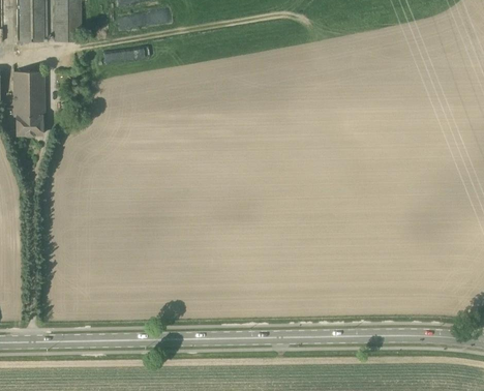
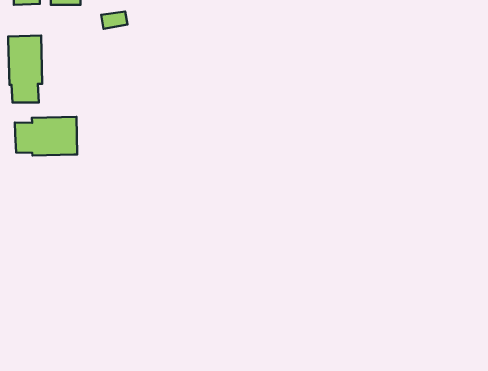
building: none -> [15,117,77,155]

